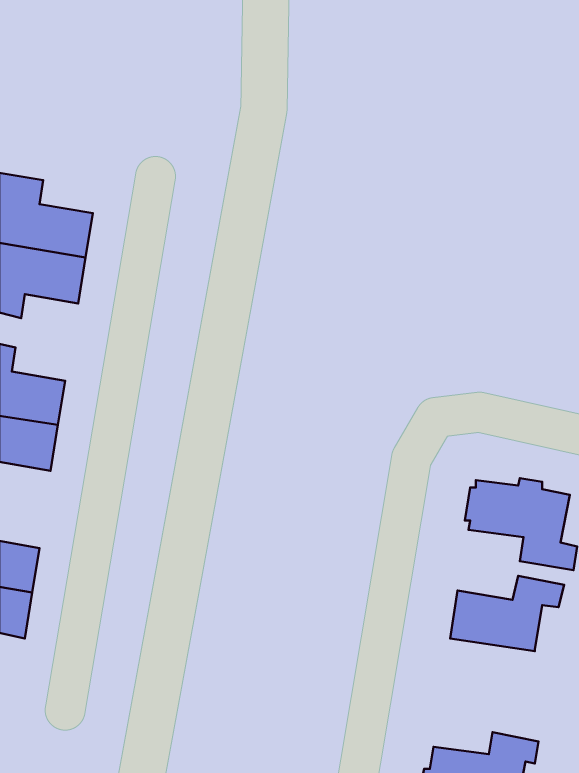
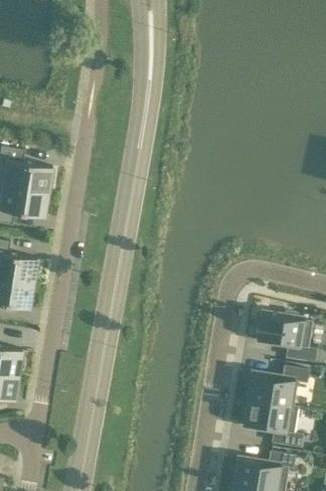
building: none -> [243,399,303,447]

